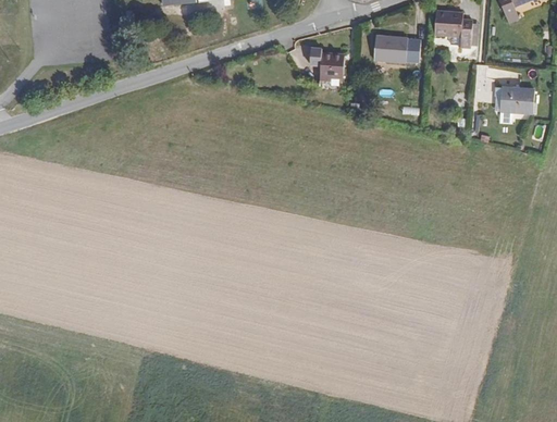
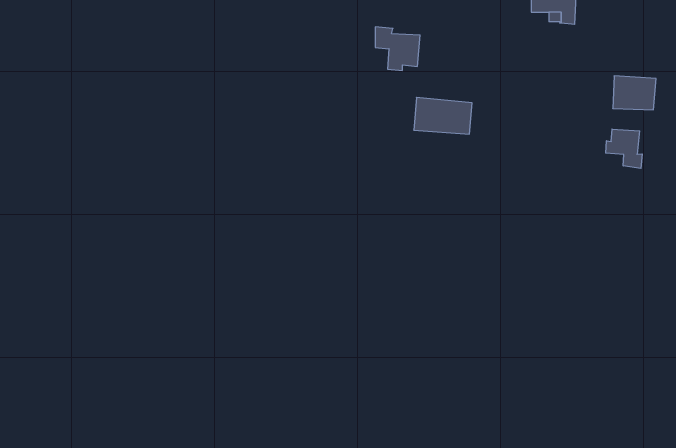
building: [372,35,419,64] -> [414,97,472,134]
building: none -> [606,129,642,168]

